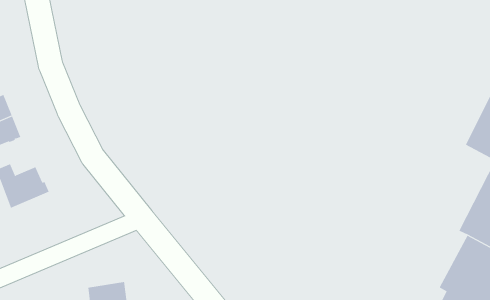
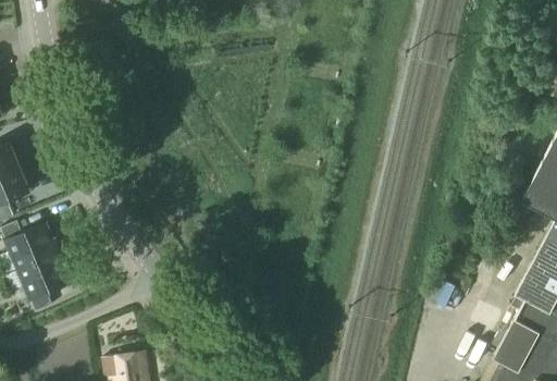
building: none -> [16,253,70,312]

